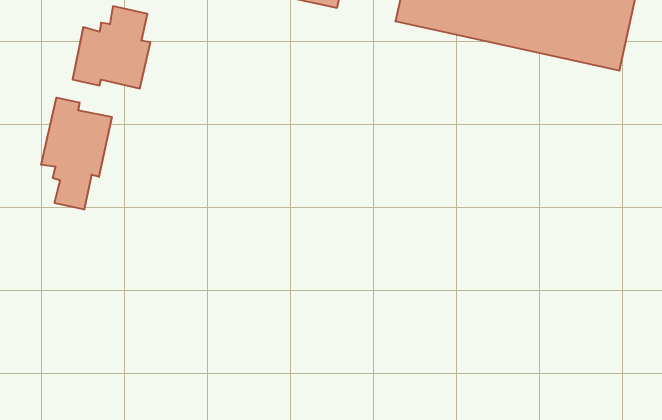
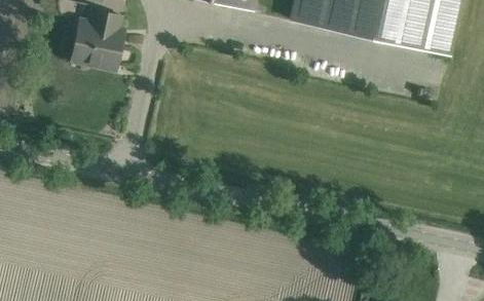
building: [41,98,112,210] -> none

